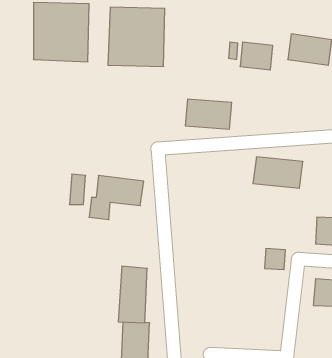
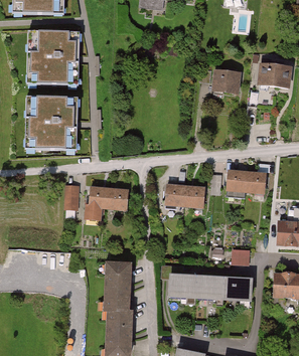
building: [108,7,165,66] -> [27,100,77,151]
building: [185,99,232,129] -> [163,181,203,207]
building: none -> [162,262,254,304]

